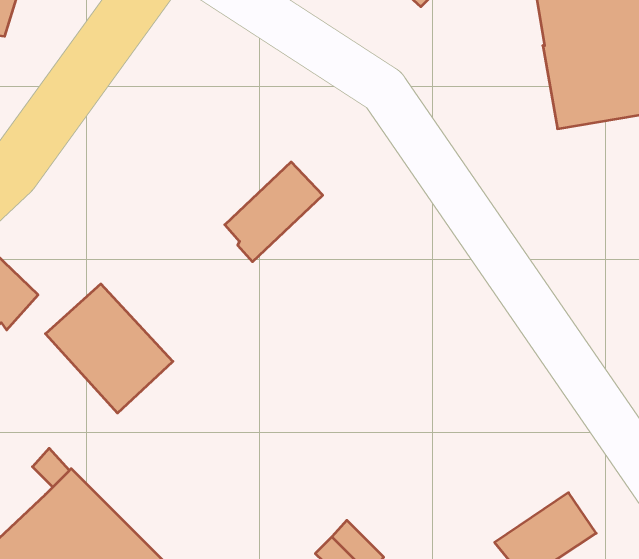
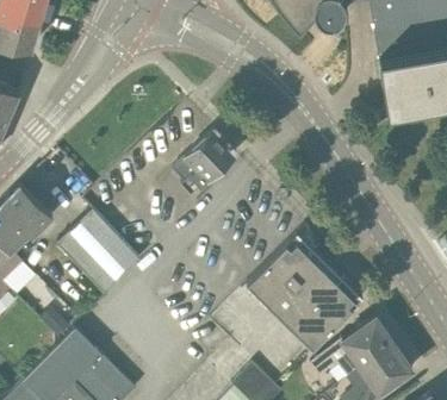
building: none -> [248,226,365,350]
building: none -> [311,318,396,380]

